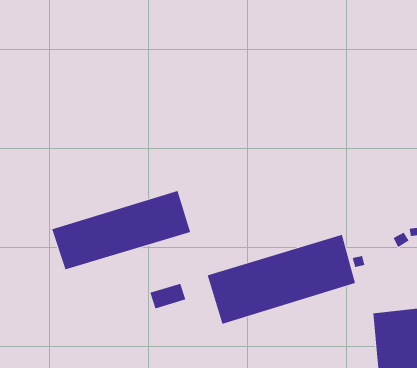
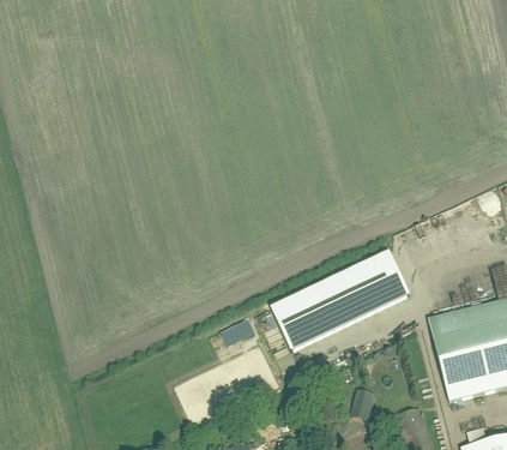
building: [51,190,191,270] -> none

